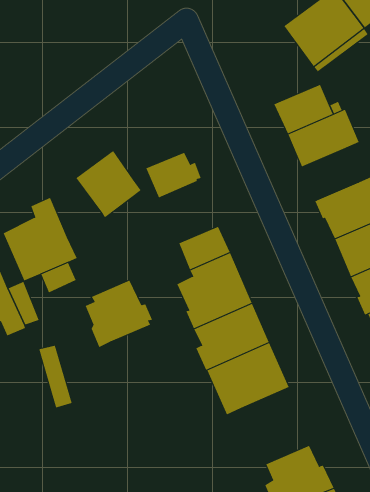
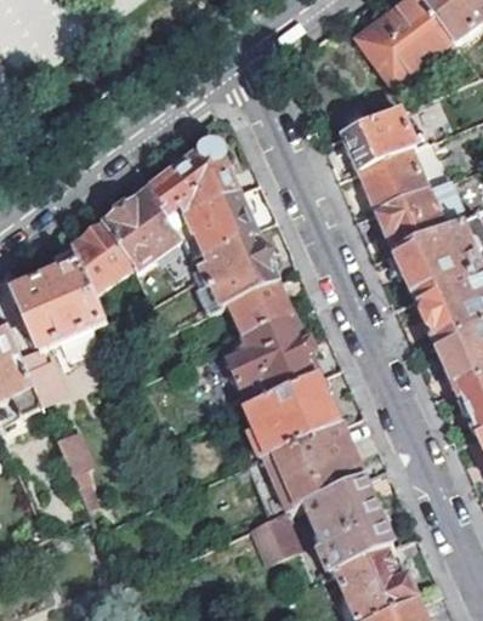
building: none -> [147,142,237,223]
building: none -> [375,187,444,249]
building: none -> [70,222,132,294]
building: [85,280,153,348] -> [194,226,277,308]
building: none -> [302,475,390,571]
building: none -> [248,511,295,558]

